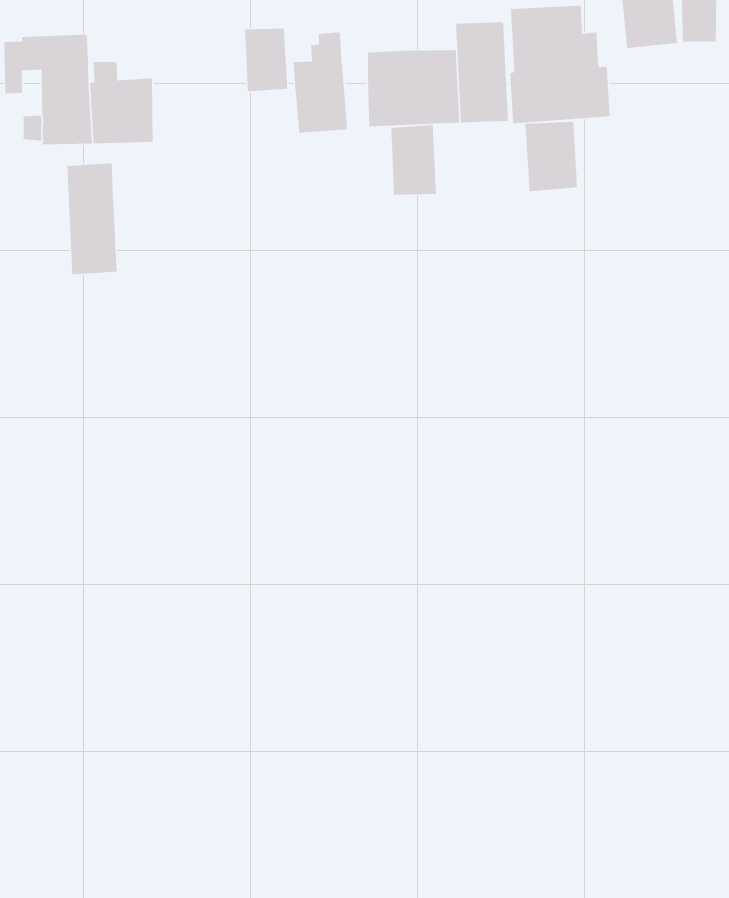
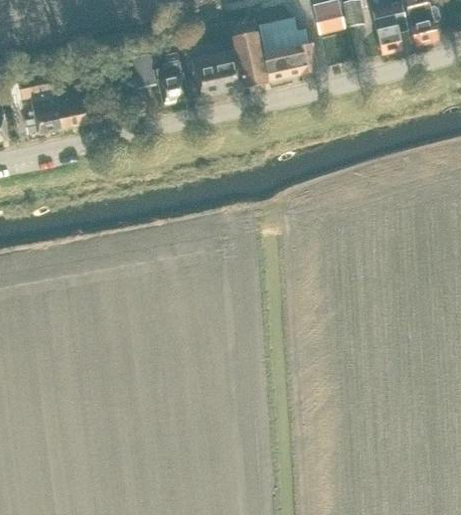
building: [524,121,578,192] -> none
building: [391,124,437,195] -> none
building: [67,163,117,275] -> none

